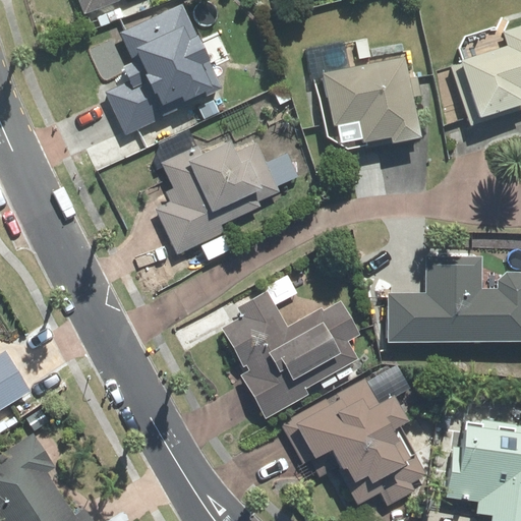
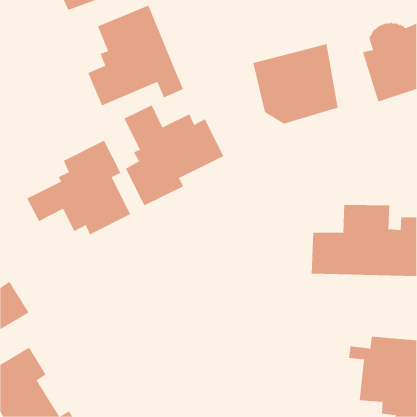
building: none -> [27,140,131,235]
building: [223,289,360,420] -> none
building: [279,358,429,506] -> none

